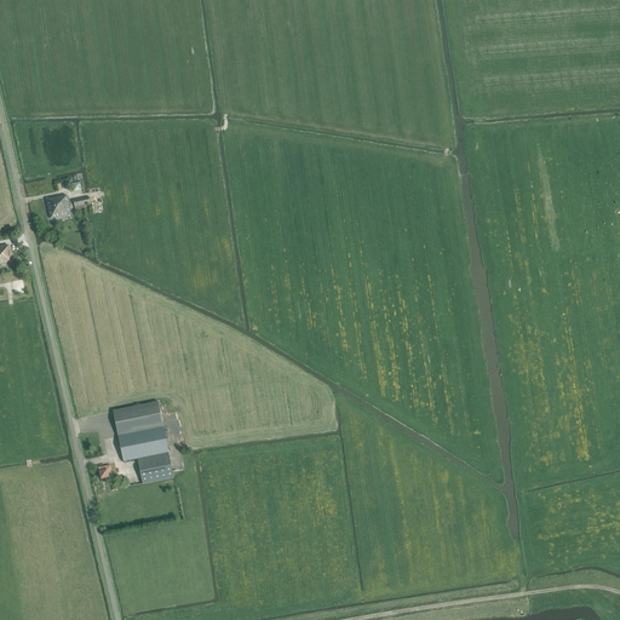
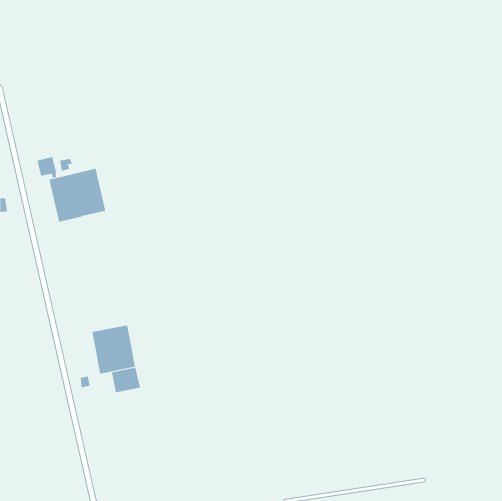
building: none -> [49,168,106,222]

